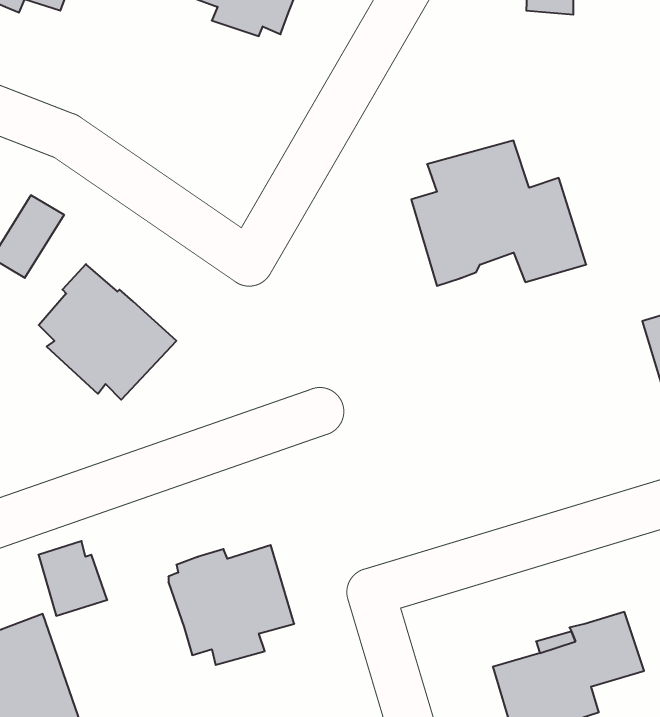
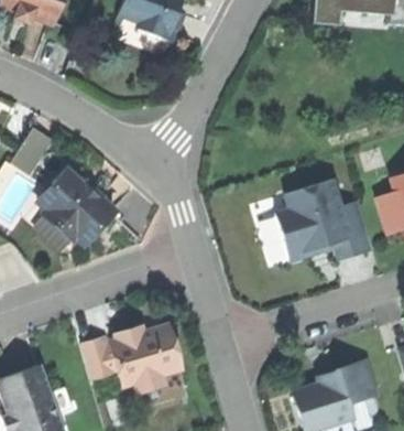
building: [411,141,586,286] -> [274,181,372,262]
building: [38,541,107,616] -> [80,337,119,379]

